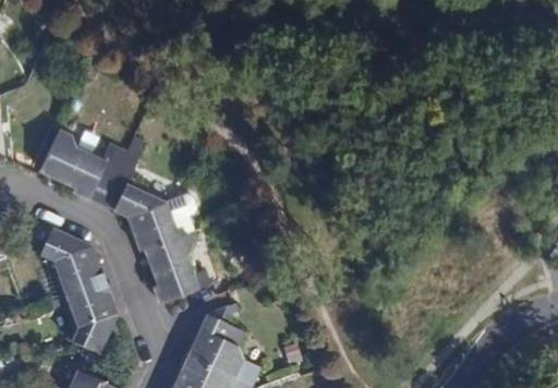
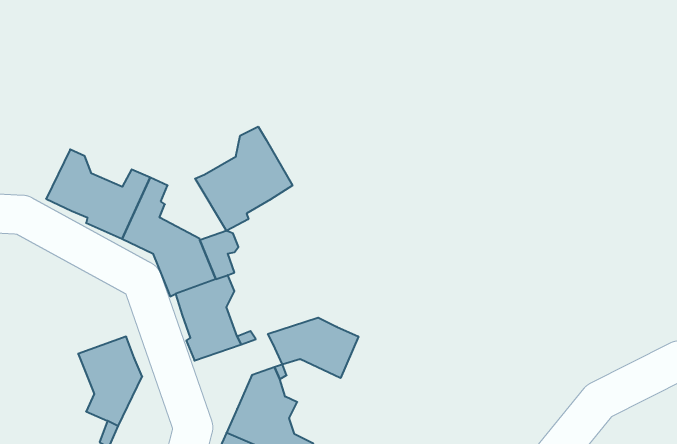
building: none -> [195,127,292,231]
building: [39,228,105,295] -> none
building: none -> [268,318,358,378]

